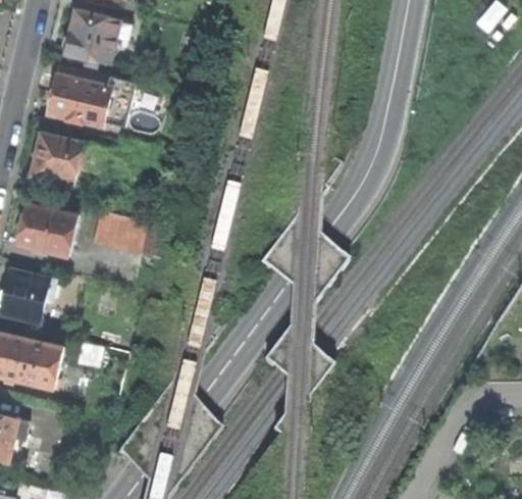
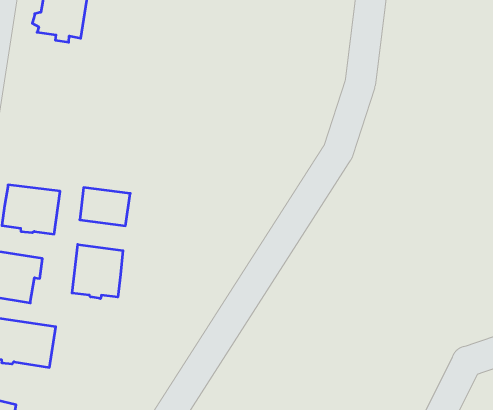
building: [45,73,134,129] -> none
building: [32,135,103,186] -> none
building: none -> [72,244,123,299]

